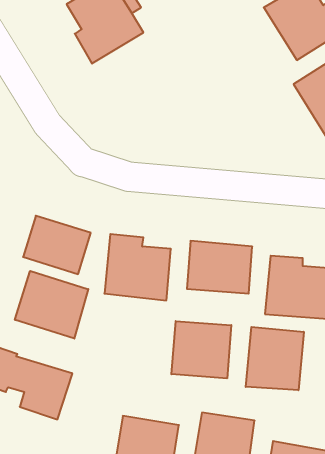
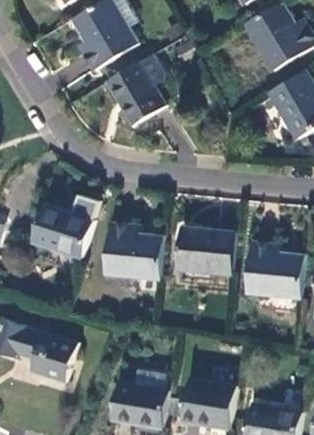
building: none -> [107,55,164,125]
building: [15,271,88,339] -> none
building: [171,321,231,378] -> none
building: [246,327,304,390] -> none

